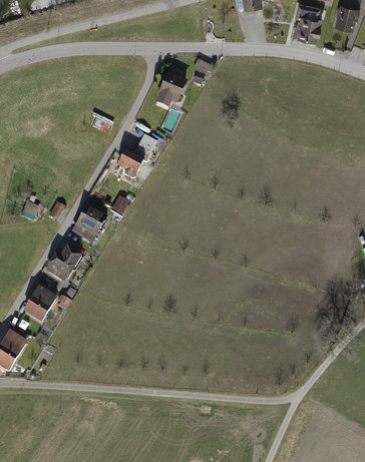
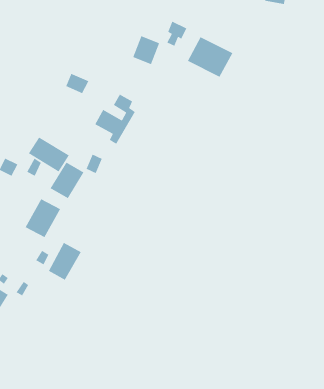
building: none -> [187,36,233,78]
building: none -> [28,136,70,172]
building: [26,285,61,325] -> [48,242,82,281]

